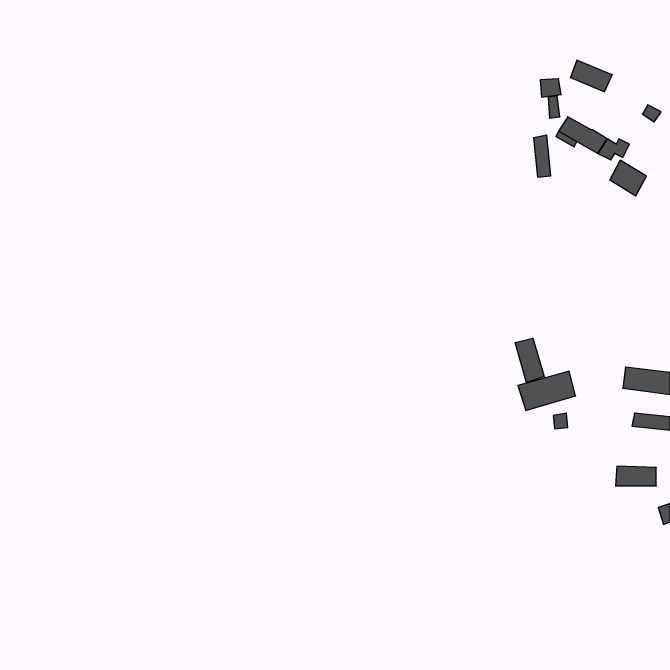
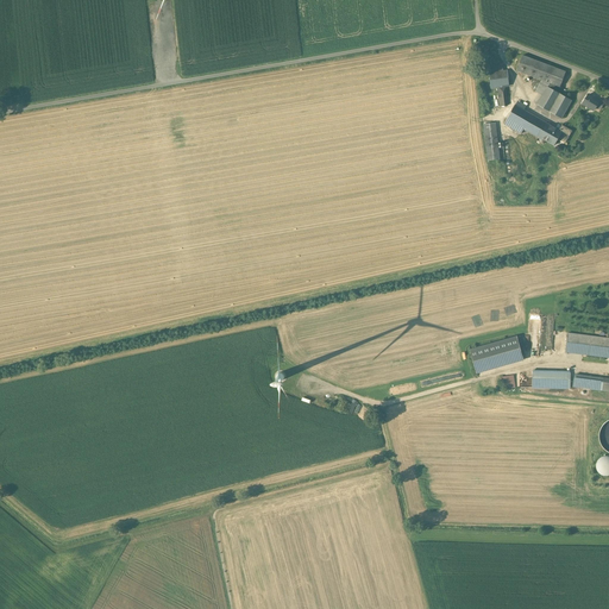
building: [610,160,646,196] -> [538,87,571,119]
building: [515,338,544,383] -> none
building: [616,466,656,486] -> [533,370,570,388]

